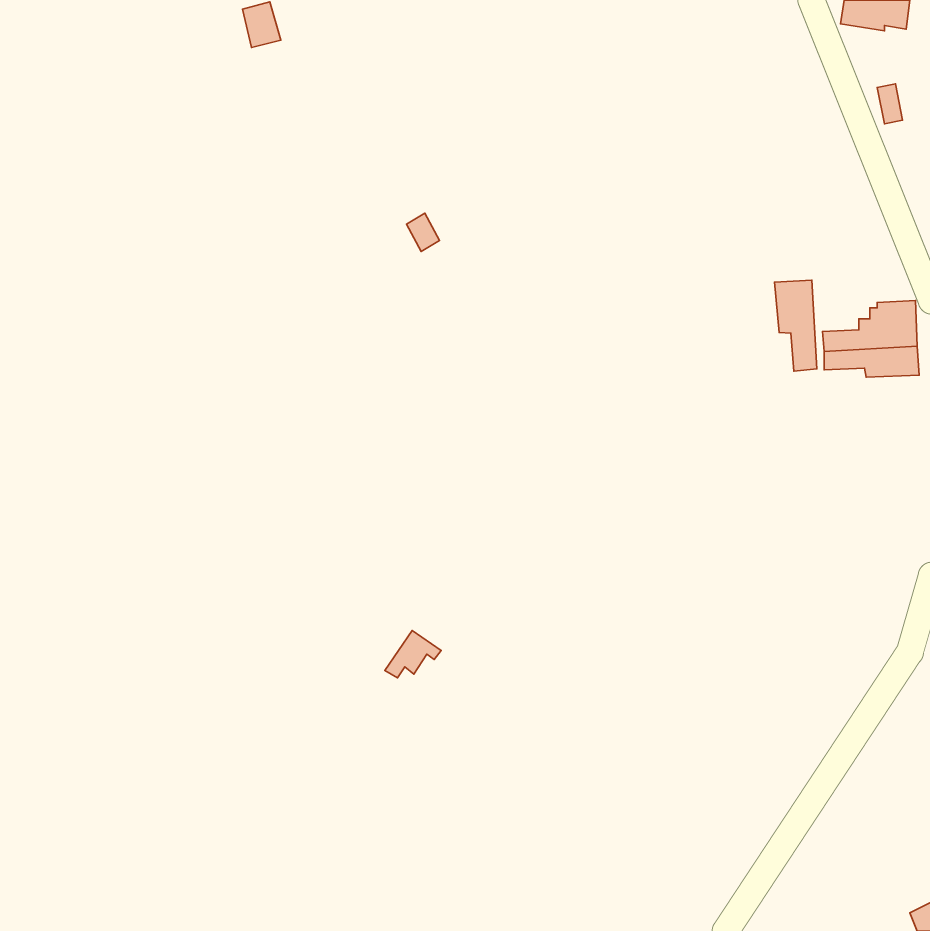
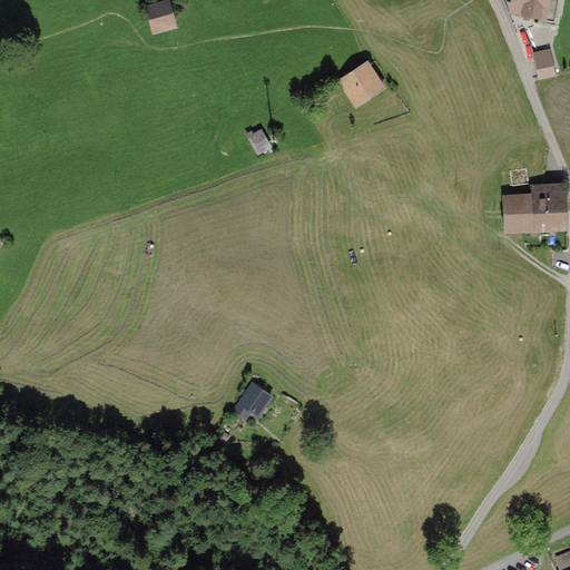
building: none -> [345,66,382,100]
building: [774,280,817,371] -> none

